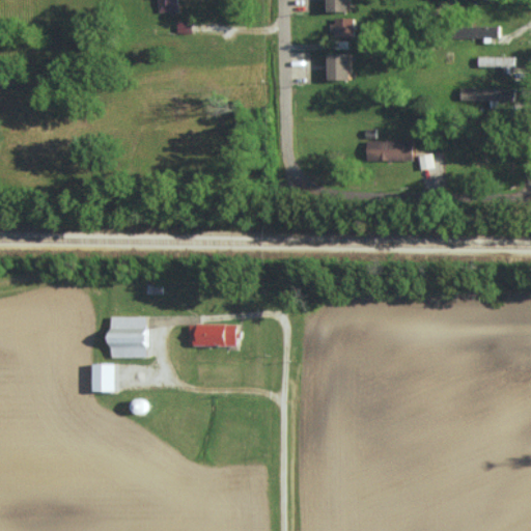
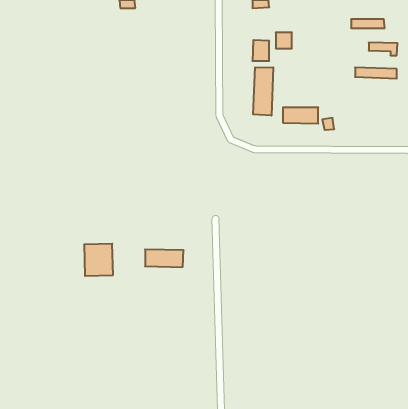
building: [331,18,352,38] -> [276,32,292,48]
building: none -> [253,67,273,116]
building: [91,364,115,392] -> none

